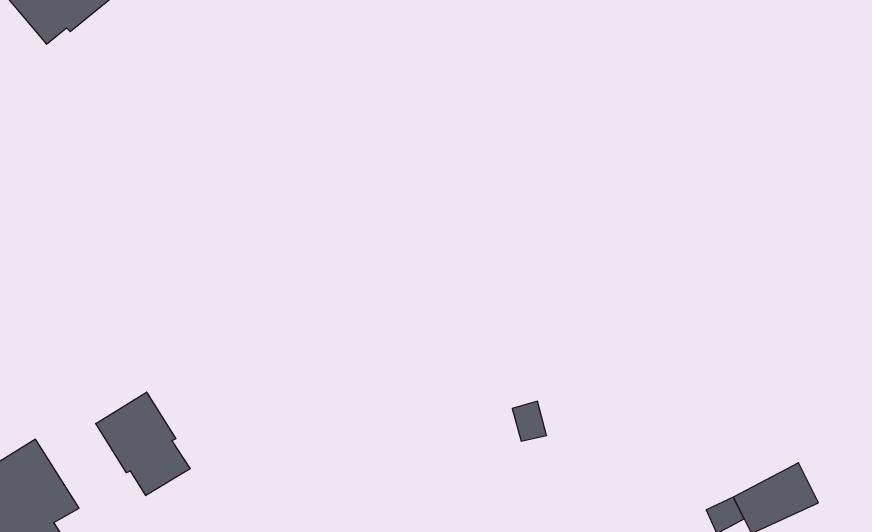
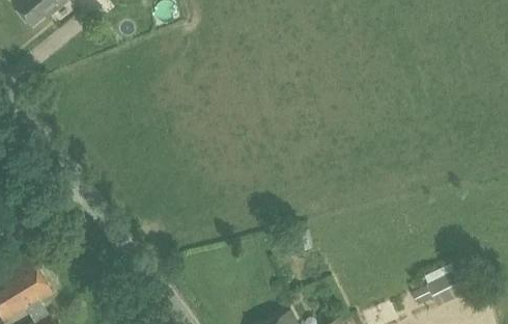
building: [96,392,190,496] -> none

